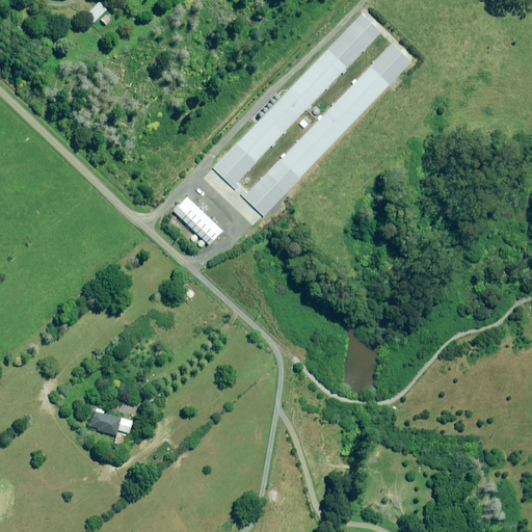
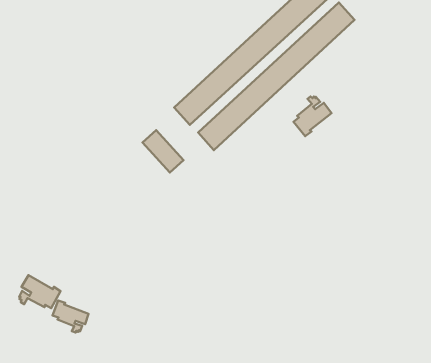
building: none -> [293,97,332,136]
building: none -> [19,275,61,308]

